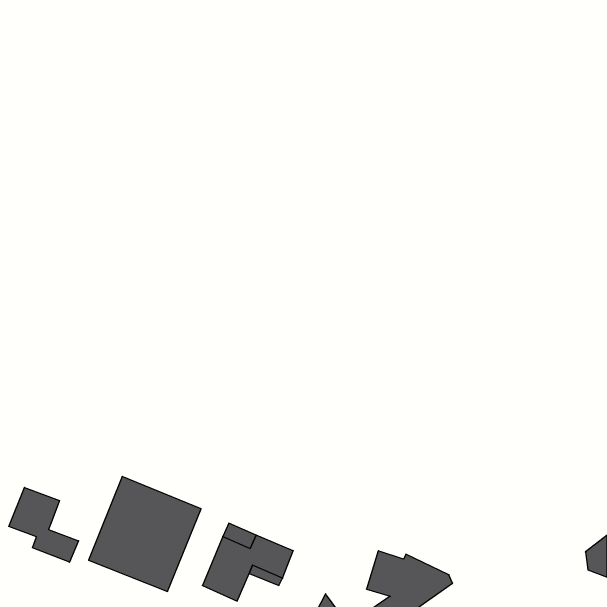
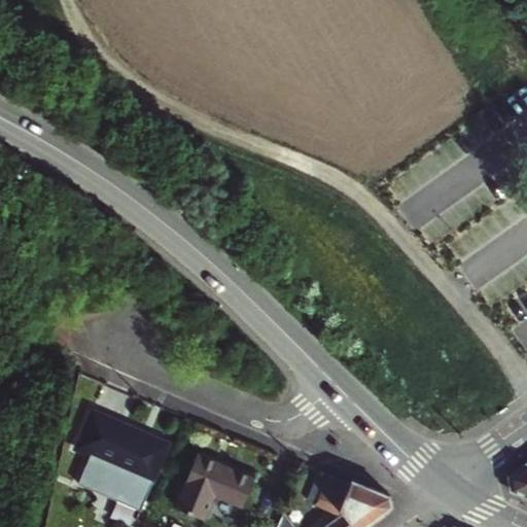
building: [9,487,79,562] -> none

